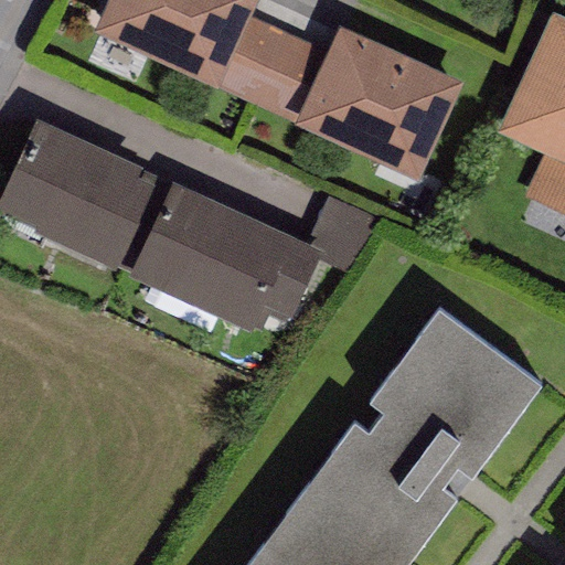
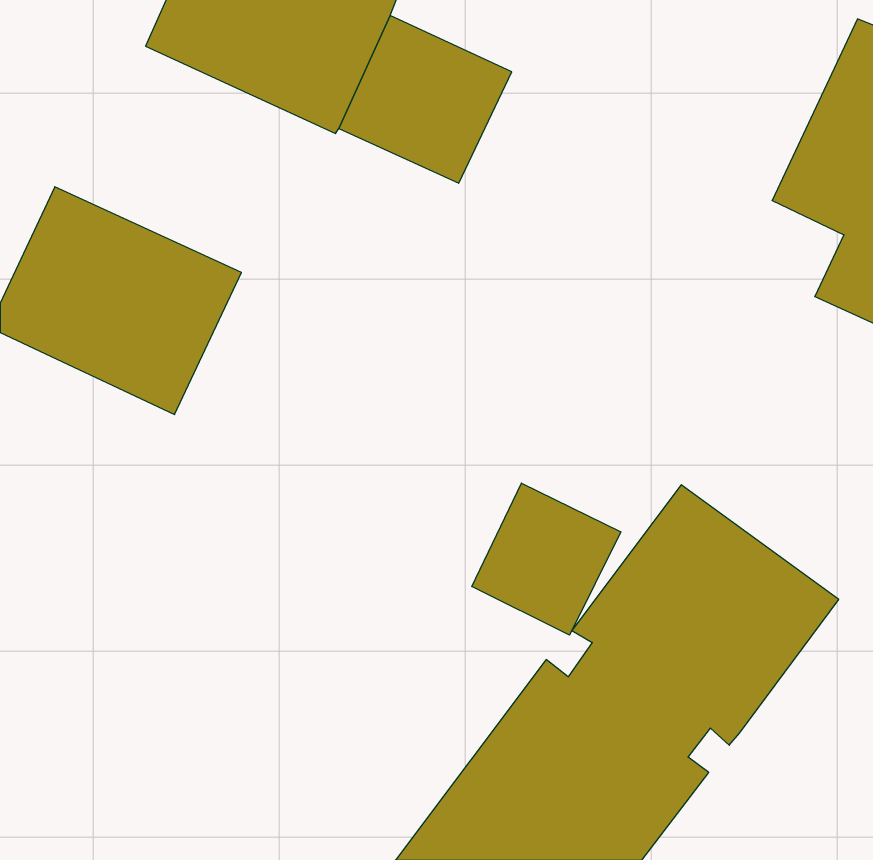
building: [295,26,459,174] -> none
building: [127,181,318,334] -> none
building: none -> [472,483,621,635]

